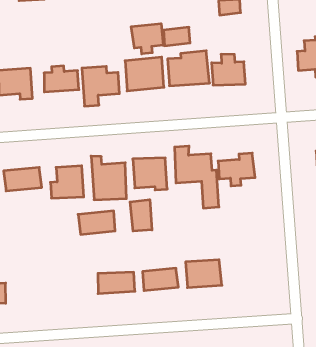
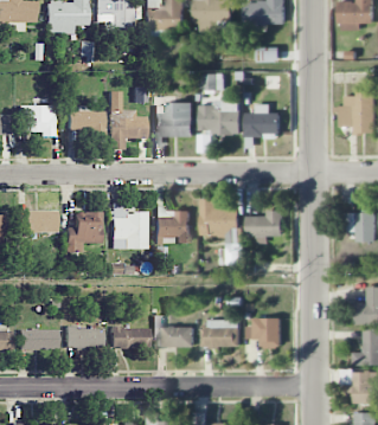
building: [131,24,163,54] -> none
building: [130,200,152,231] -> none
building: [78,211,115,234] -> [64,327,102,349]
building: none -> [246,318,282,348]
building: none -> [18,329,57,349]

